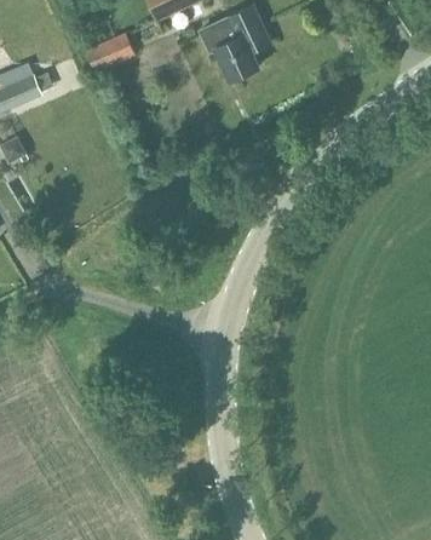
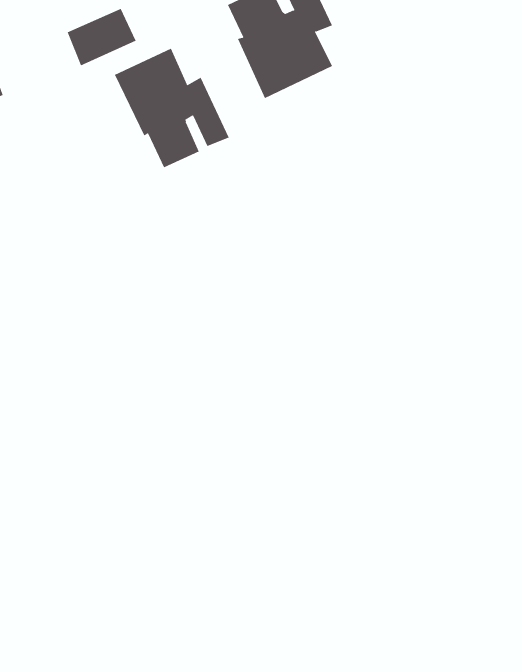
building: none -> [114,48,229,168]

